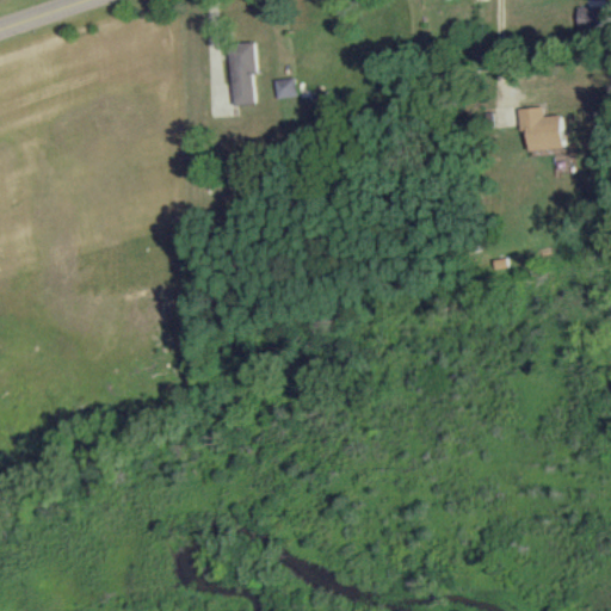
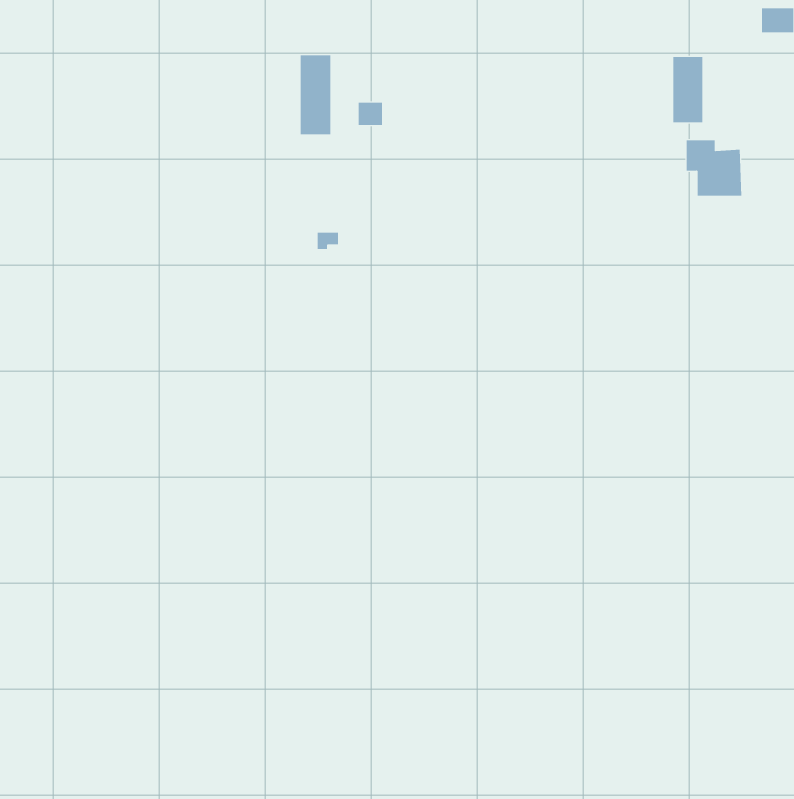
building: none -> [673,56,703,123]

